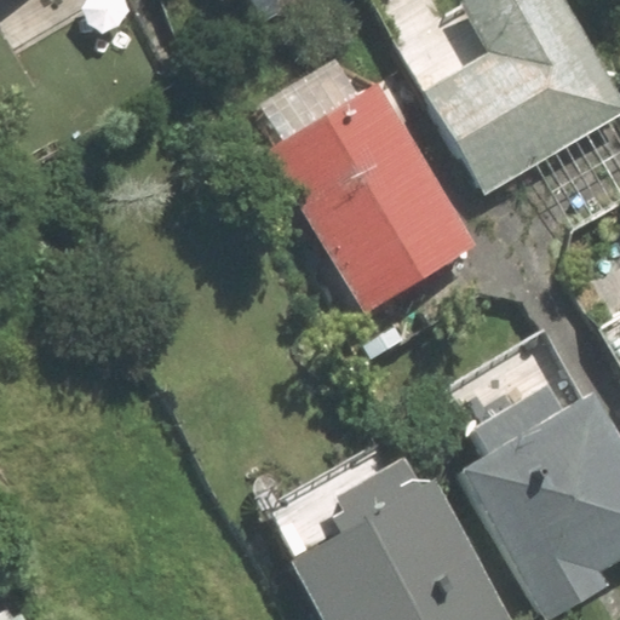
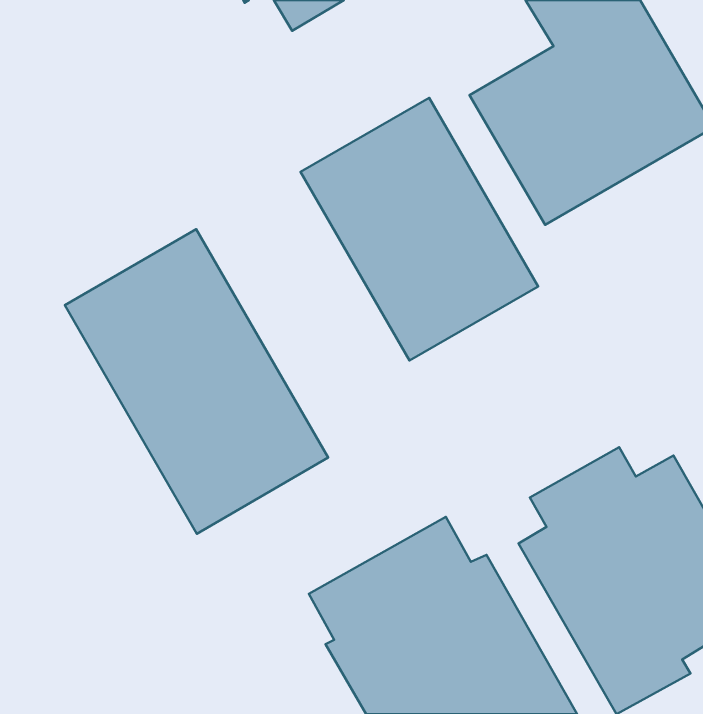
building: none -> [65,229,328,534]

